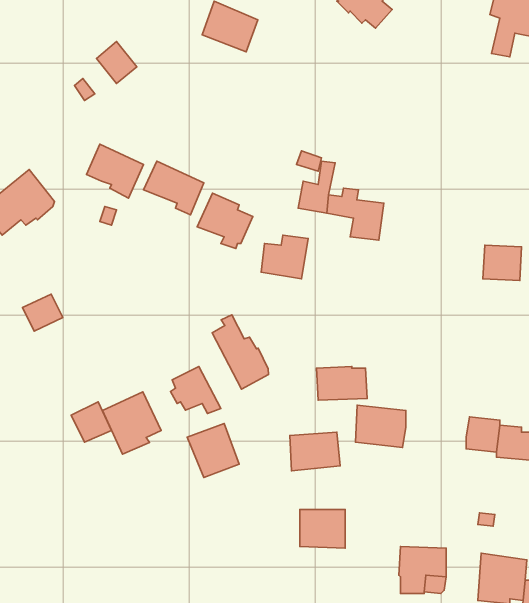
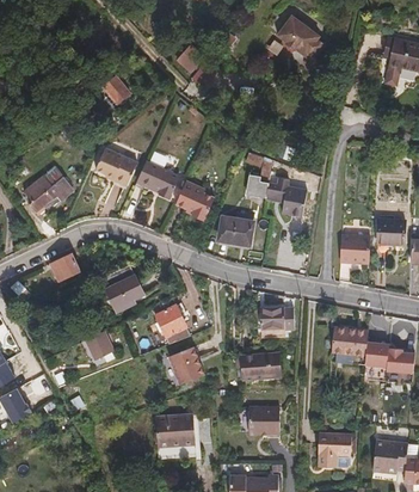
building: none -> [339,238,370,266]
building: [212,315,268,389] -> none
building: [102,392,161,454] -> [101,267,143,312]
building: [355,405,406,447] -> [332,326,368,356]
building: none -> [158,414,197,447]

